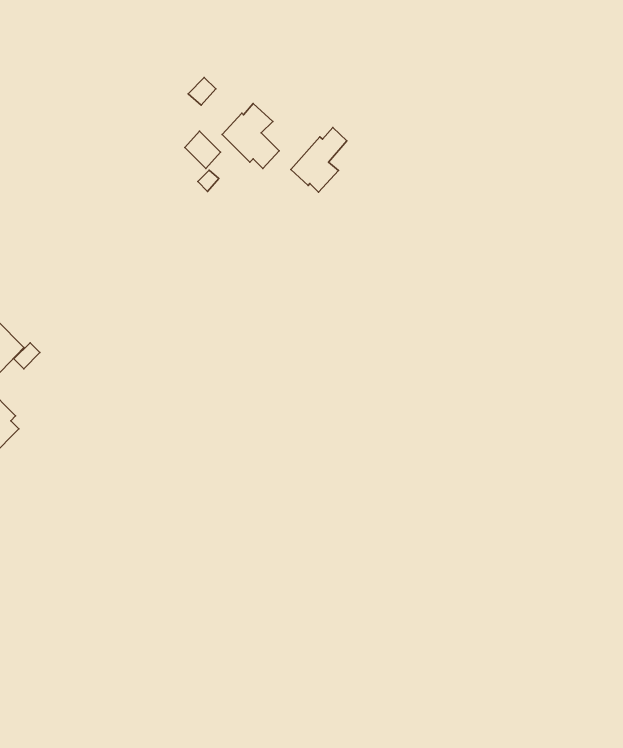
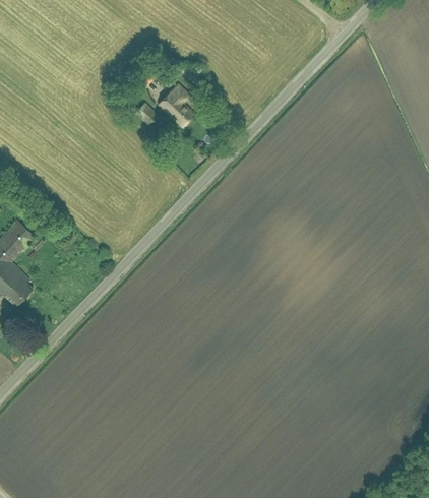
building: [291,127,347,192] -> none

